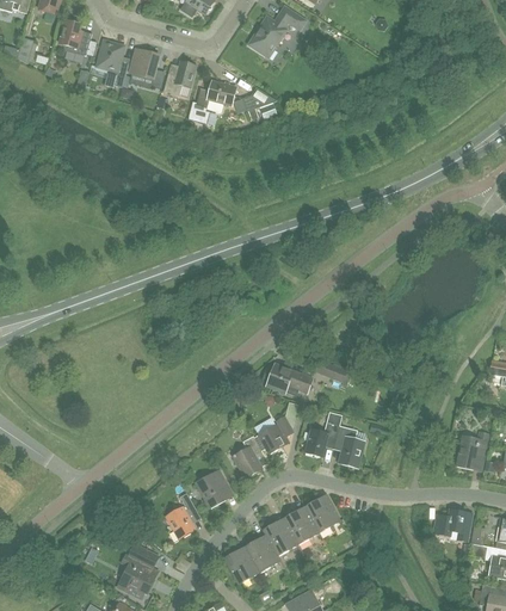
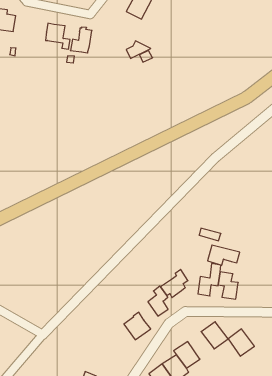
building: [95,39,126,87] -> none
building: [187,81,235,123] -> none
building: [265,363,311,393] -> [208,245,240,265]
building: [165,493,196,538] -> none
building: [283,506,319,544] -> [228,329,254,356]

